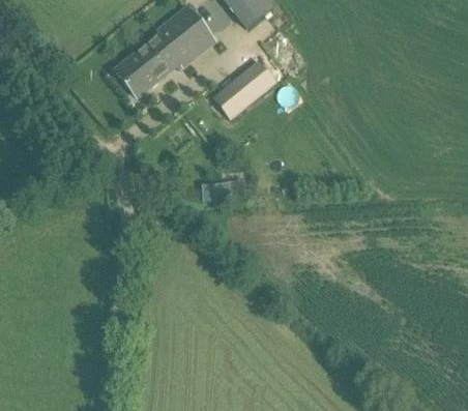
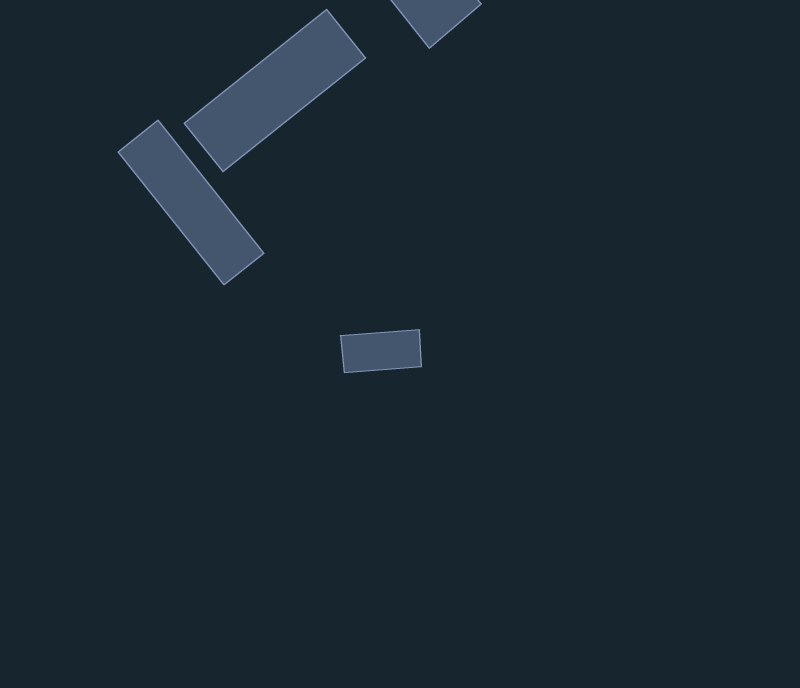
building: [212,61,273,119] -> none
building: none -> [118,120,264,285]

